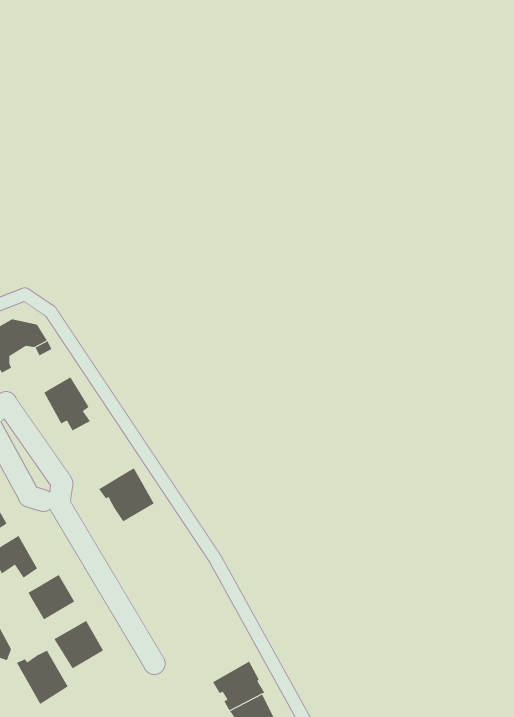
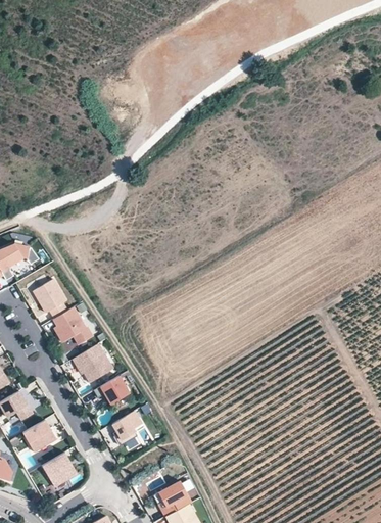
building: none -> [53,306,93,344]
building: none -> [93,376,129,405]
building: none -> [112,411,142,445]
building: [16,650,68,705] -> none

